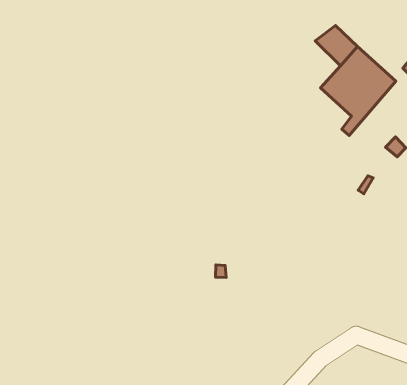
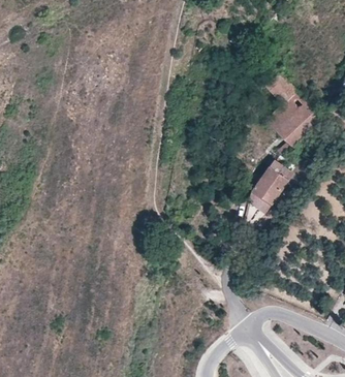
building: none -> [249,158,294,214]

